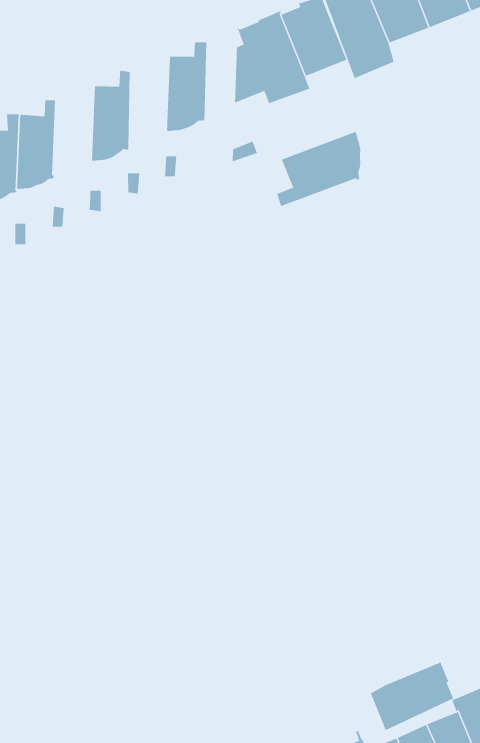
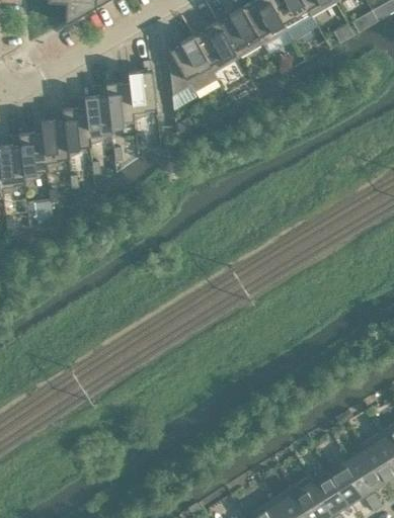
building: none -> [105,72,134,132]
building: none -> [62,97,90,156]
building: [276,131,361,207] -> none
building: [370,661,454,731] -> none

